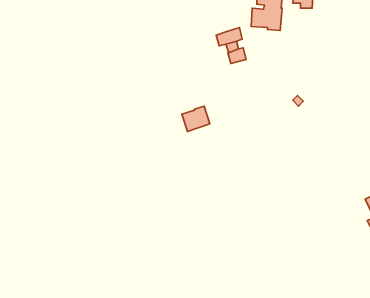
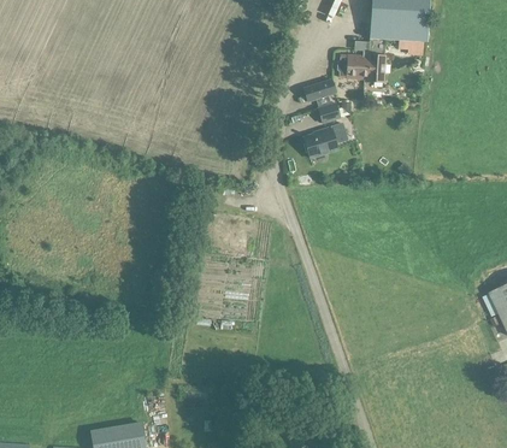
building: [182,106,210,131] -> [303,126,338,158]

